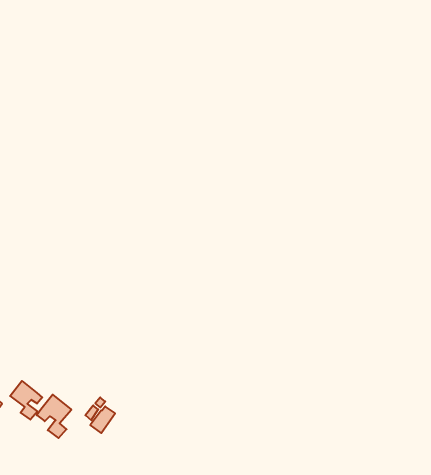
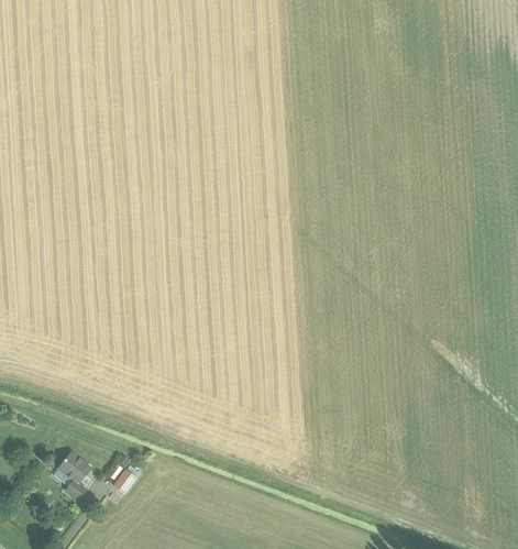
building: [10,381,42,420] -> none

